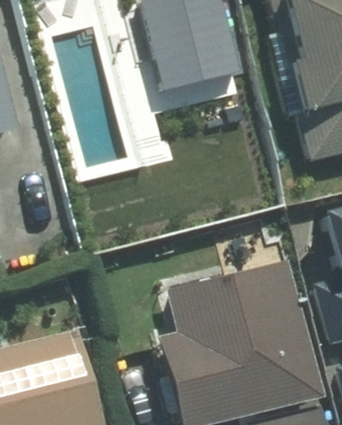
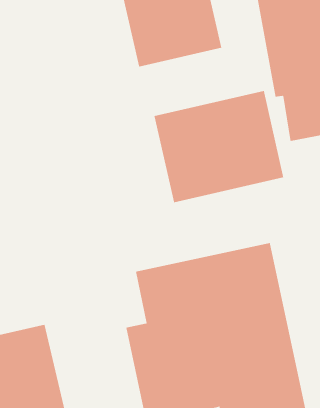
building: none -> [154,90,284,203]

